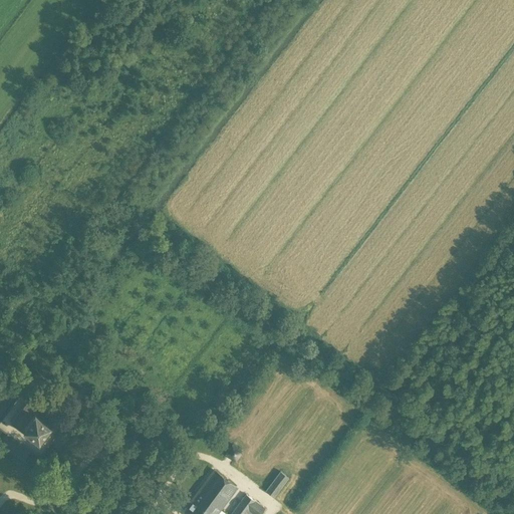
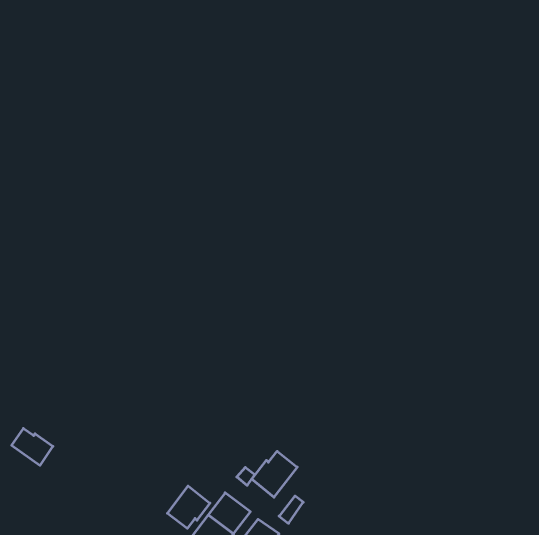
building: none -> [252,451,297,497]
building: none -> [167,486,210,528]

